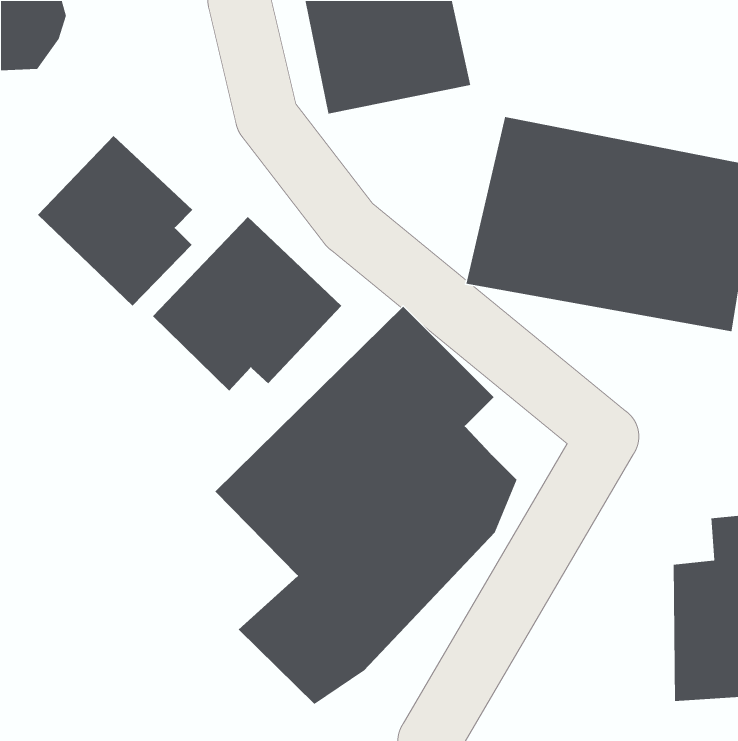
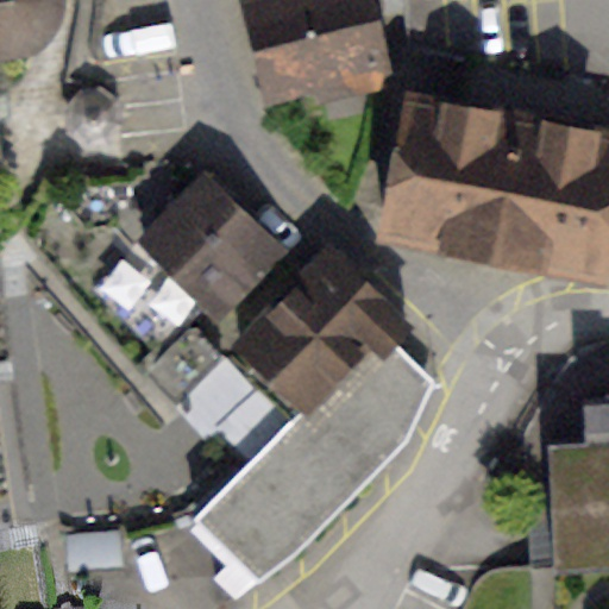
building: [37,135,193,306] -> none

